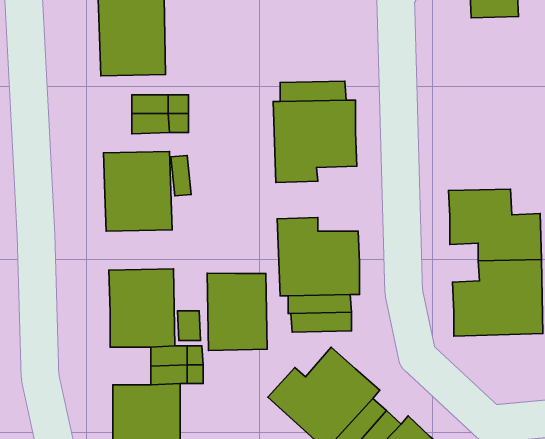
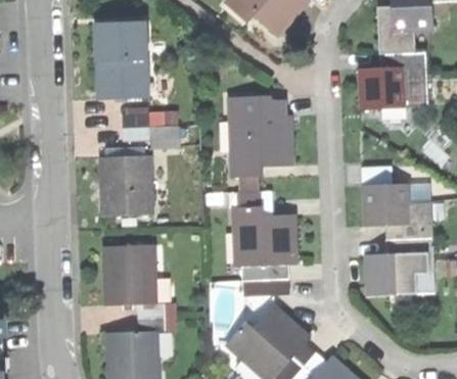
building: none -> [360,52,429,108]
building: [207,273,267,351] -> none

